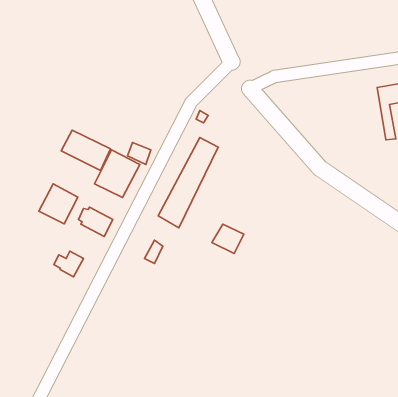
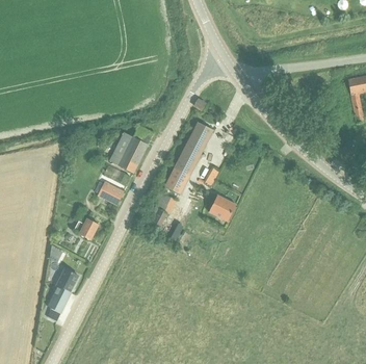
building: [61,130,110,170] -> none
building: [39,184,78,224] -> none
building: none -> [47,267,78,319]

